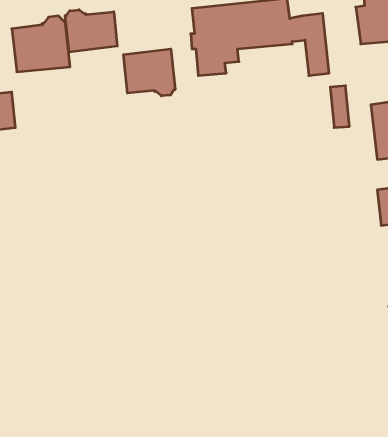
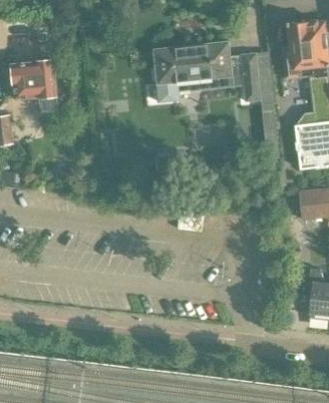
building: [65,10,117,52] -> none
building: [124,49,175,96] -> none

